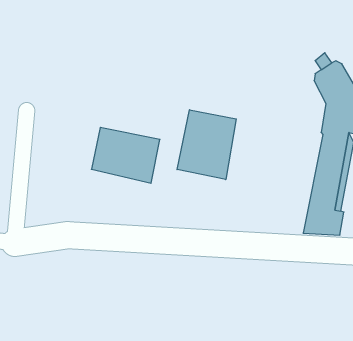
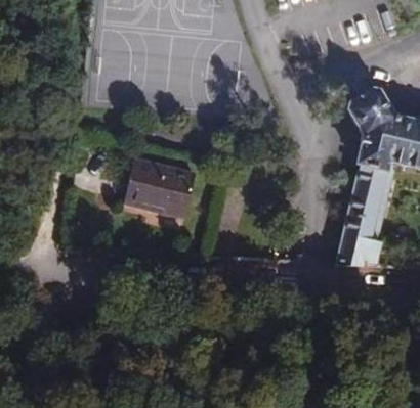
building: [177,110,236,180] -> none

